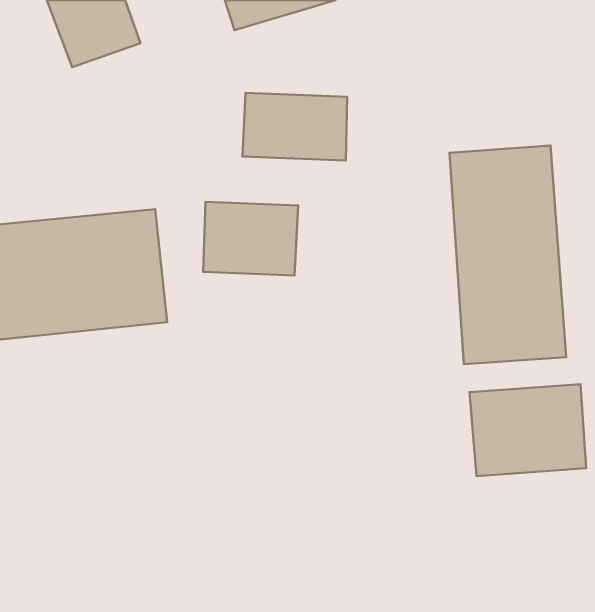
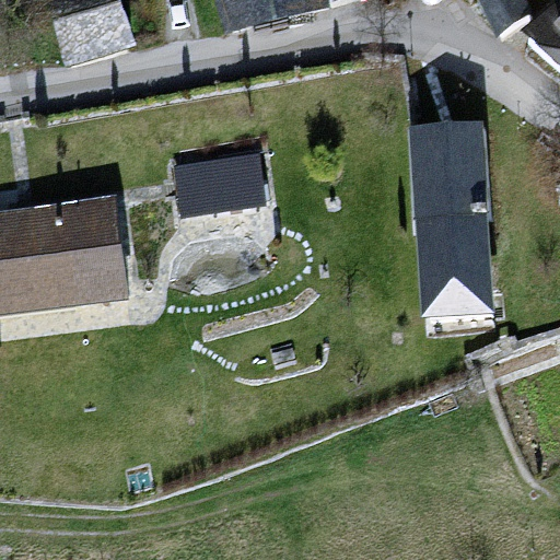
building: [243,93,347,160] -> none
building: [469,384,586,476] -> none

